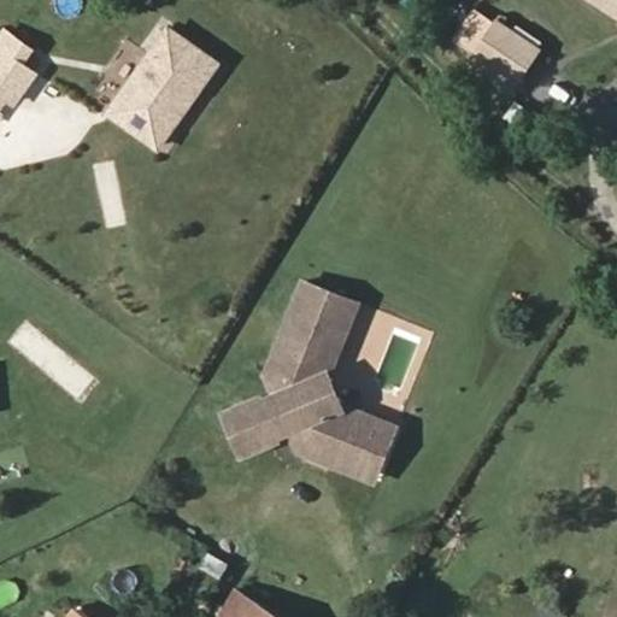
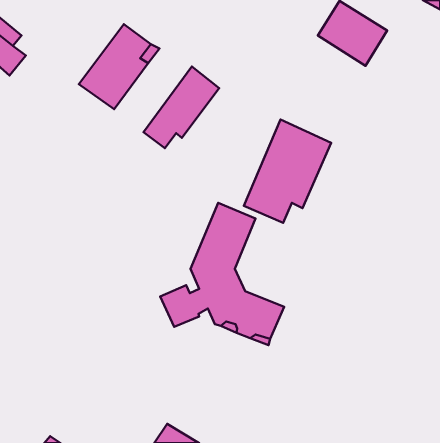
building: none -> [143,66,219,148]
building: none -> [244,119,331,223]

